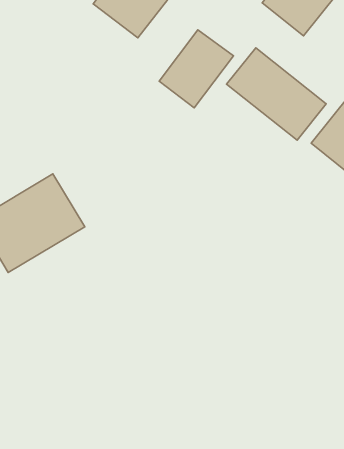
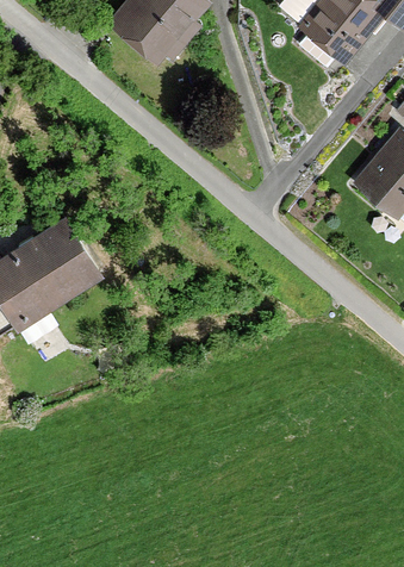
building: [159,30,233,108] -> none
building: [227,48,326,140] -> none

